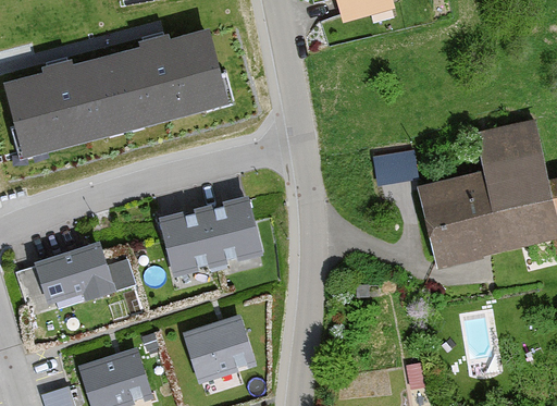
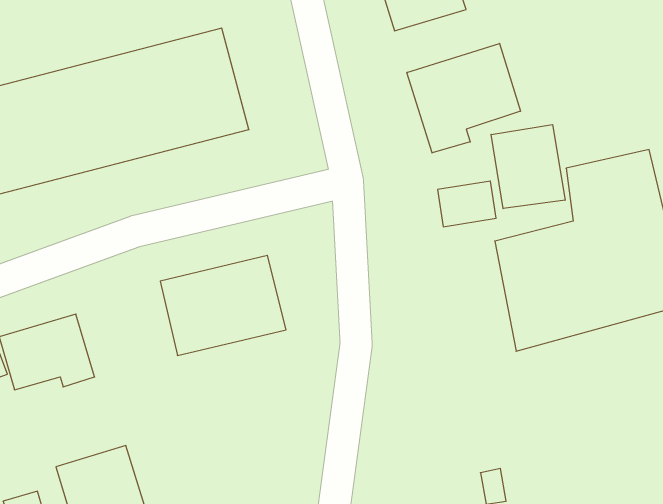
building: none -> [407,43,521,153]
building: none -> [491,125,565,209]
building: [187,312,255,376] -> none

